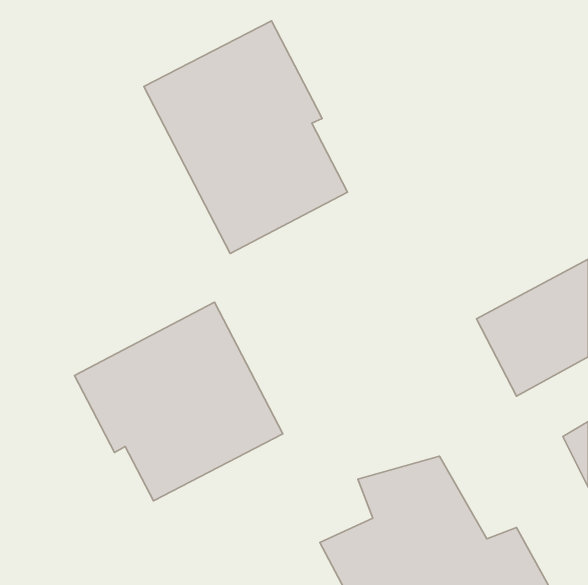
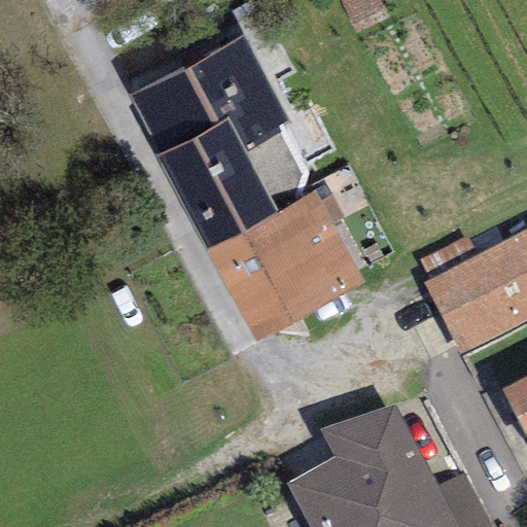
building: none -> [206,175,360,323]
building: [74,302,283,501] -> none

